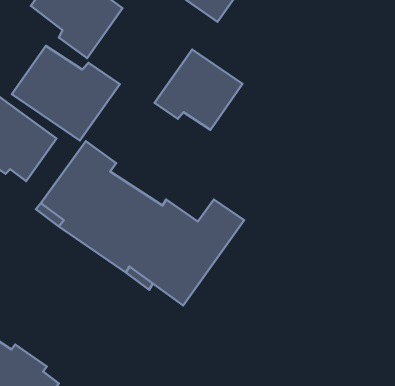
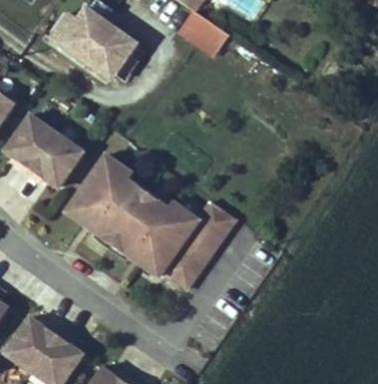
building: [12,46,120,140] -> none
building: [154,50,243,130] -> none

